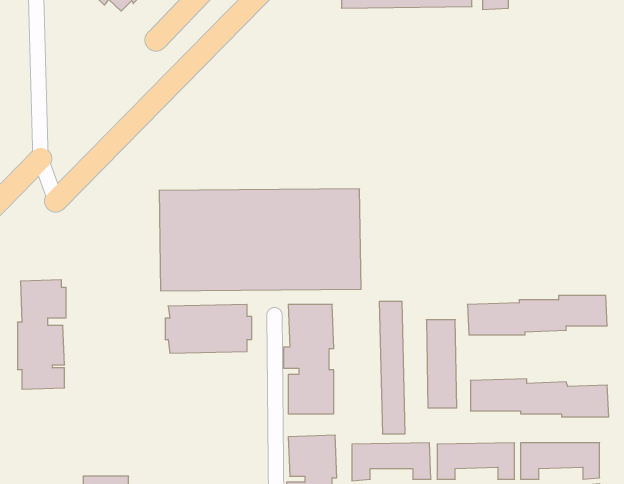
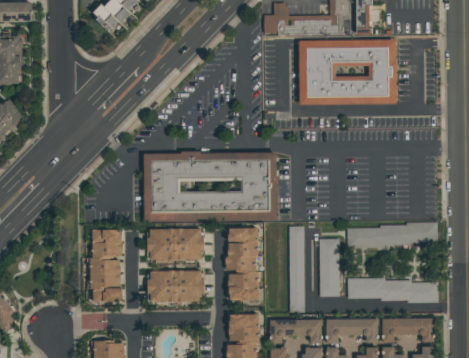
building: none -> [303,38,402,104]
building: [17,280,66,389] -> [90,229,122,301]
building: none -> [147,270,205,302]

